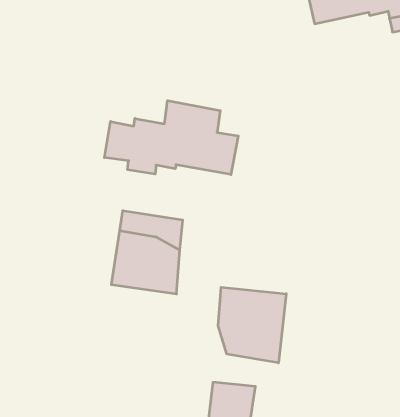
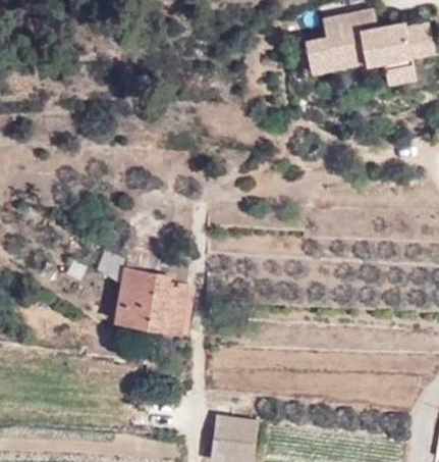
building: [104,101,238,175] -> none
building: [218,287,286,363] -> none

